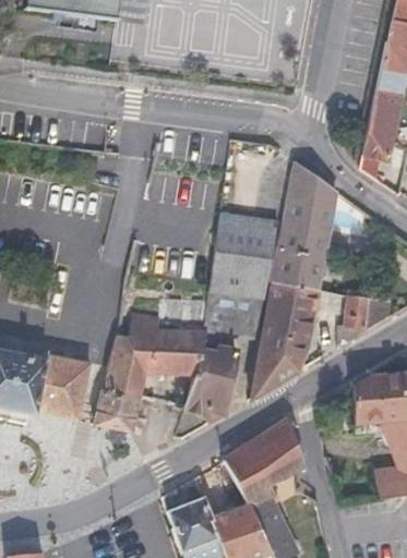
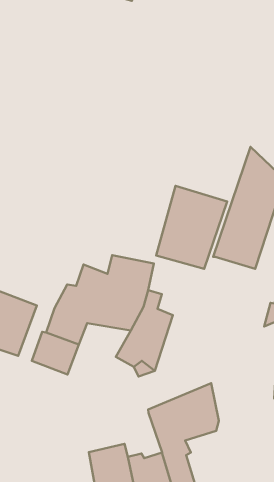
building: [254,283,319,399] -> none
building: [207,291,264,338] -> none

